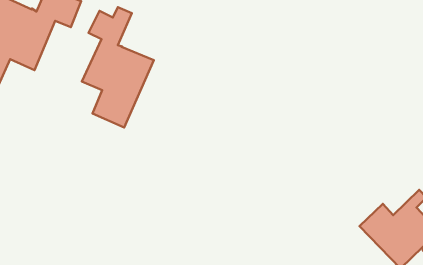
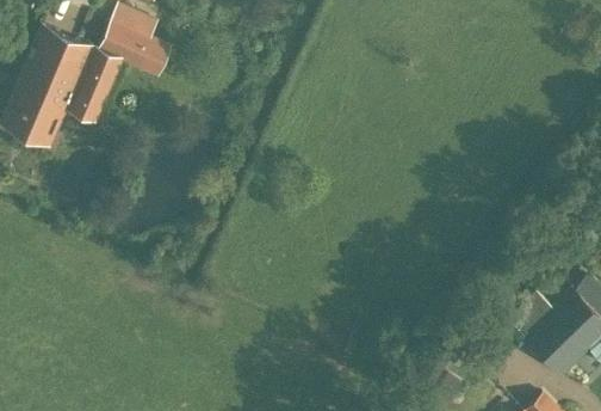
building: [82,7,154,127] -> none

